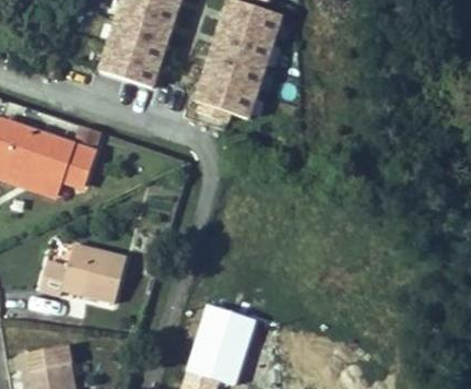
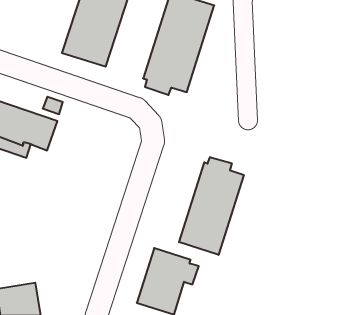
building: none -> [179,157,244,255]
building: [38,244,126,304] -> none

